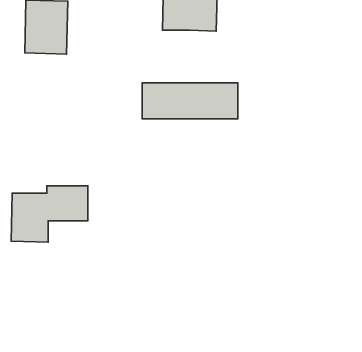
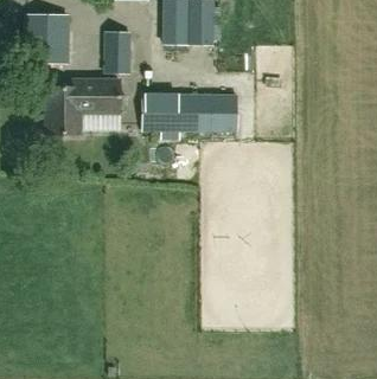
building: none -> [106,31,130,73]
building: [11,186,88,242] -> [45,79,121,135]

